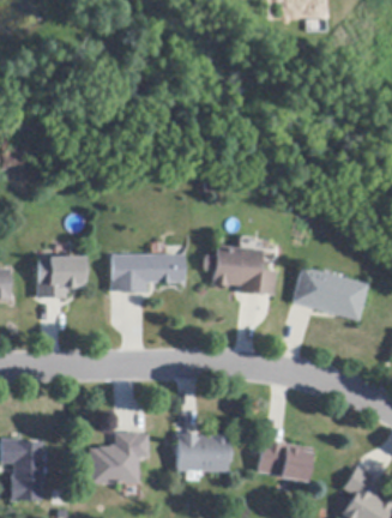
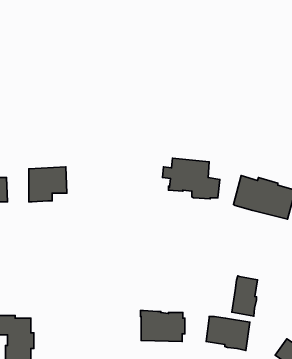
building: [110,253,183,293] -> none
building: none -> [232,276,258,316]
building: [89,432,149,484] -> none

